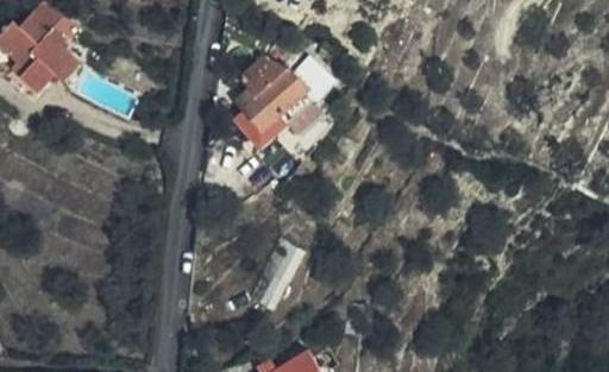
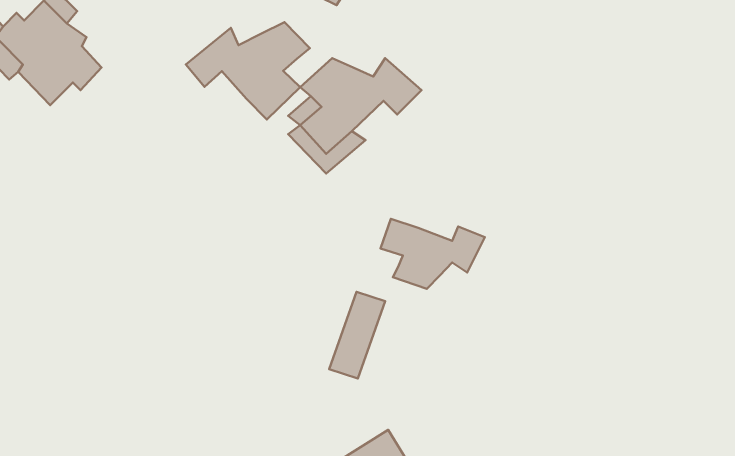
building: none -> [186,22,310,119]
building: none -> [381,219,485,289]

